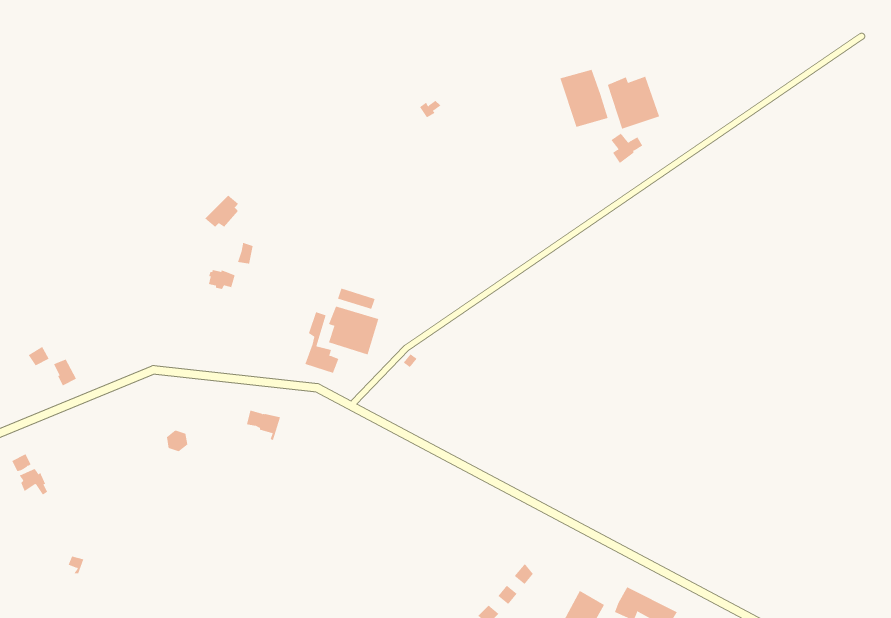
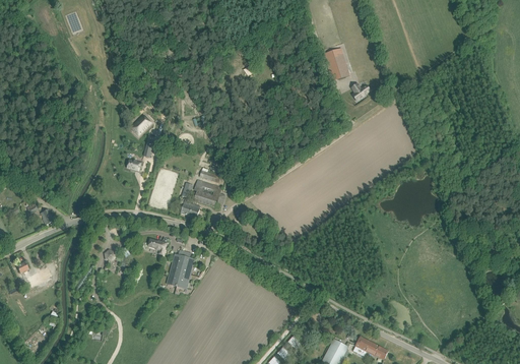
building: [607,76,660,129] -> none
building: none -> [168,253,195,287]

